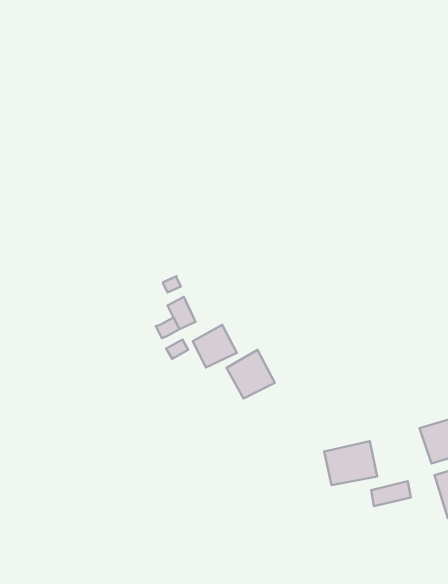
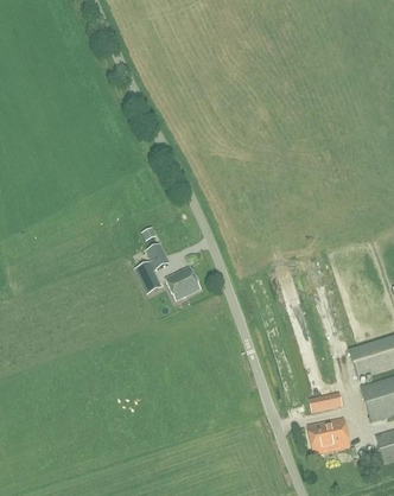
building: [227,350,275,399] -> none
building: [324,441,377,485] -> [306,418,349,453]

